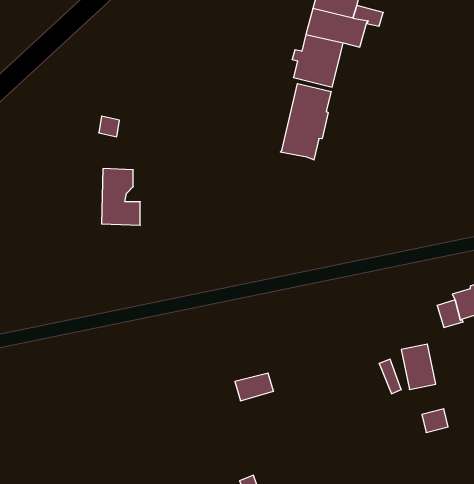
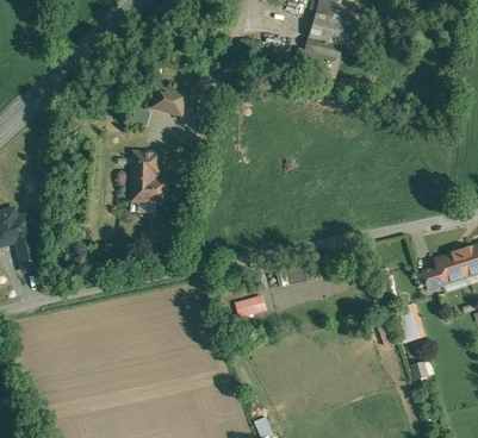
building: [280,84,331,160] -> none
building: none -> [153,87,185,113]
building: [235,373,274,401] -> [231,294,265,318]

